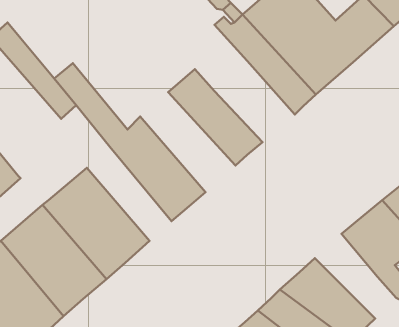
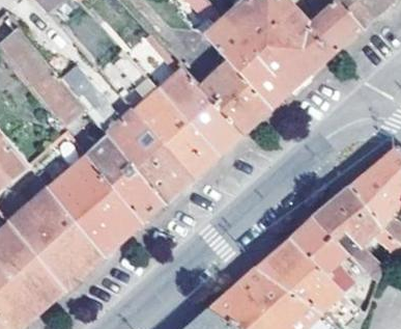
building: none -> [111,48,219,177]
building: none -> [200,60,271,133]
building: none -> [86,137,162,221]
building: none -> [289,215,351,291]

